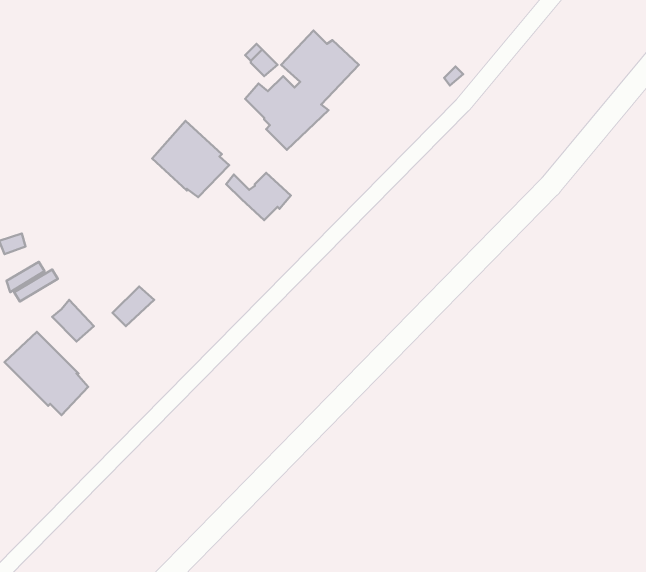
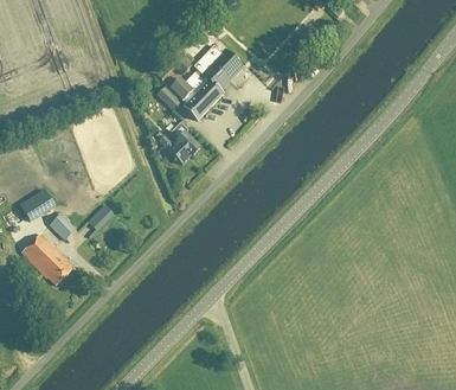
building: [152,121,229,197] -> none

